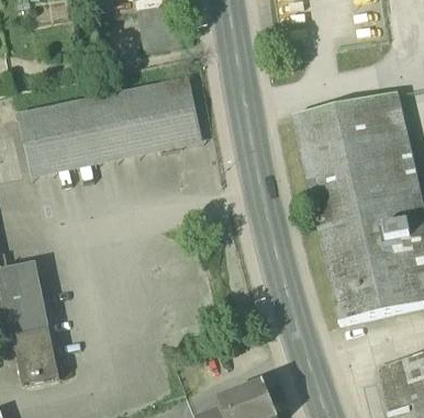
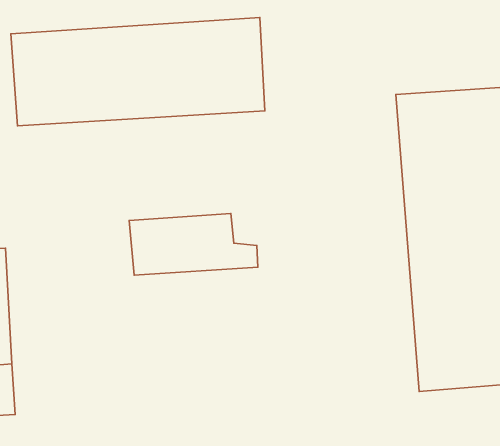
building: none -> [129,213,258,275]

